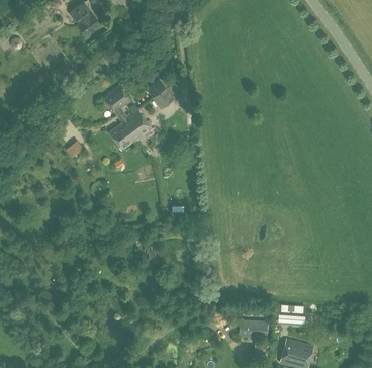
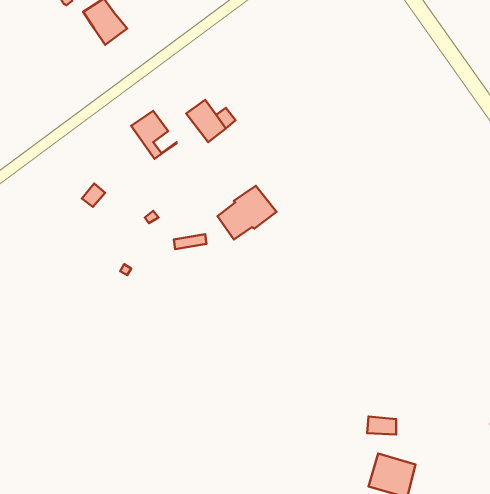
building: [108,109,152,149] -> [217,186,276,239]
building: [238,319,267,338] -> none

